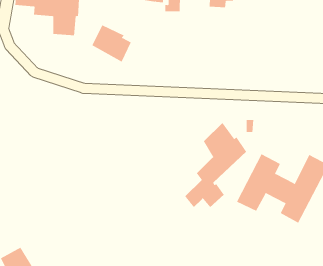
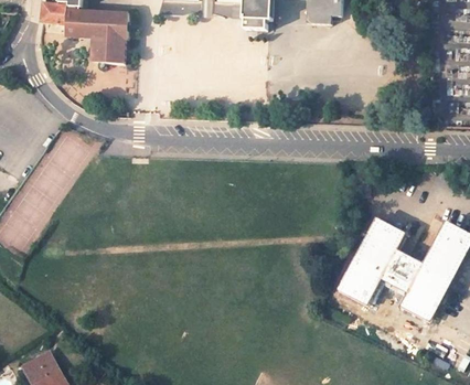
building: [92,24,132,62] -> none
building: [185,122,247,208] -> none

